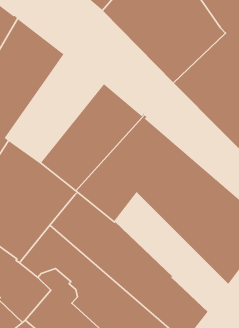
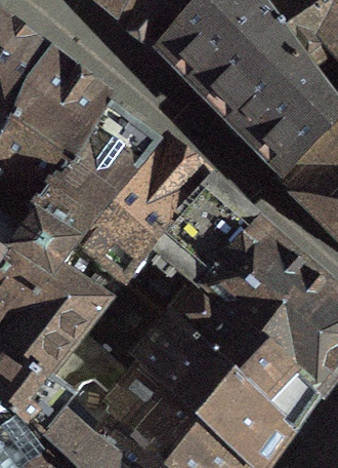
building: none -> [36,109,161,247]
building: none -> [175,286,320,438]

